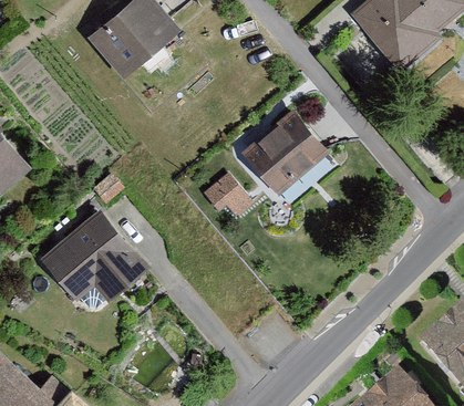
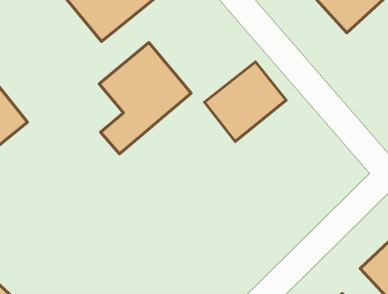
building: none -> [99,43,191,154]
building: [206,174,251,221] -> none
building: [40,209,149,303] -> none

